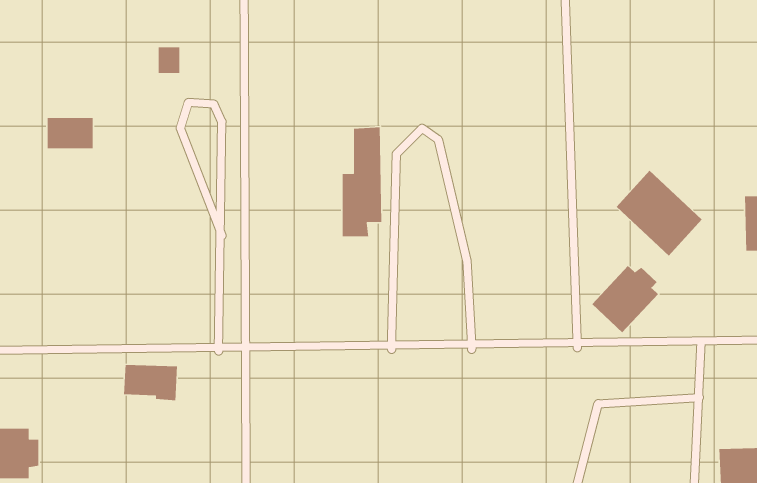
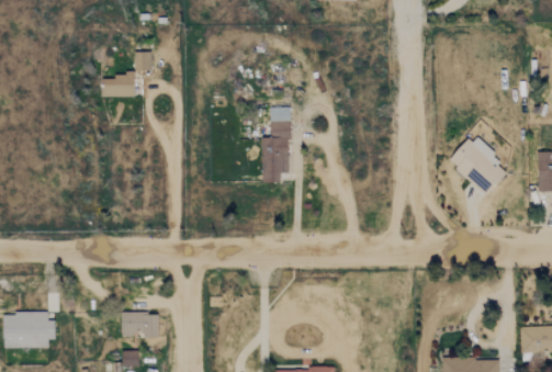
building: [47,117,93,149] -> [103,75,135,97]
building: [591,265,659,333] -> none
building: [123,364,178,401] -> [122,313,159,338]

